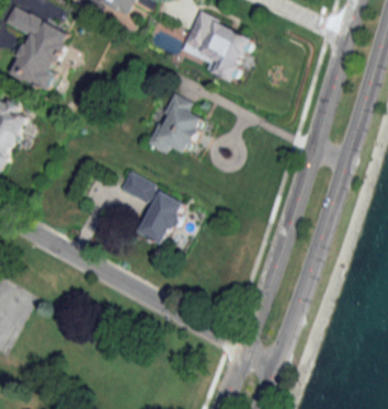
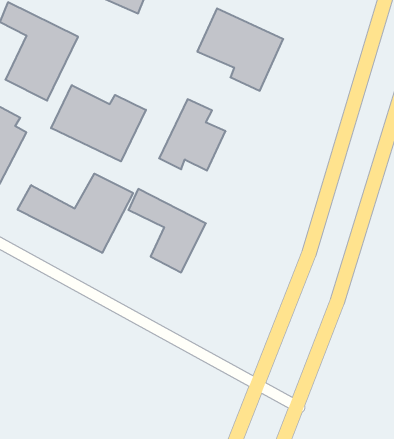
building: none -> [51,85,146,161]
building: none -> [18,174,133,253]

